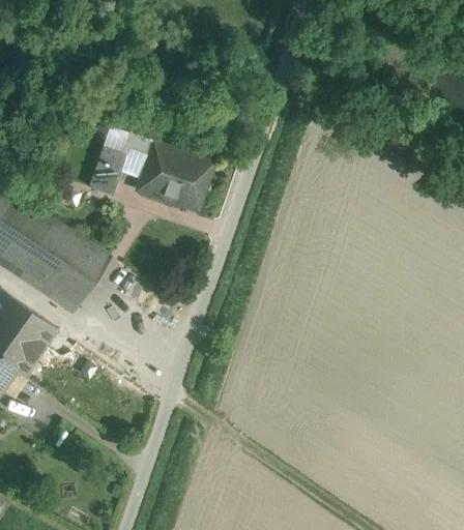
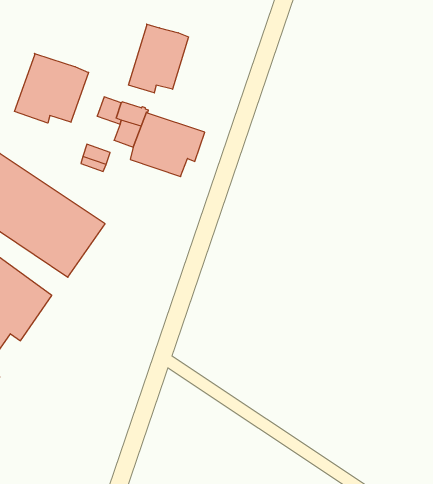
building: none -> [128,24,189,93]
building: none -> [14,53,89,123]
building: [93,147,127,184] -> none

